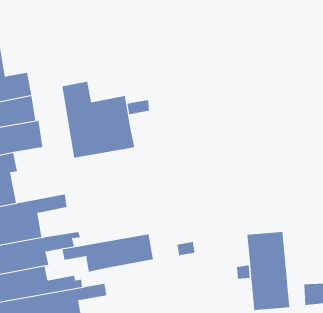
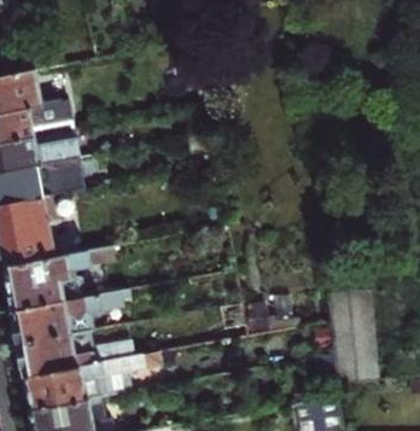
building: [62,81,135,159] -> none
building: [62,233,153,272] -> none

